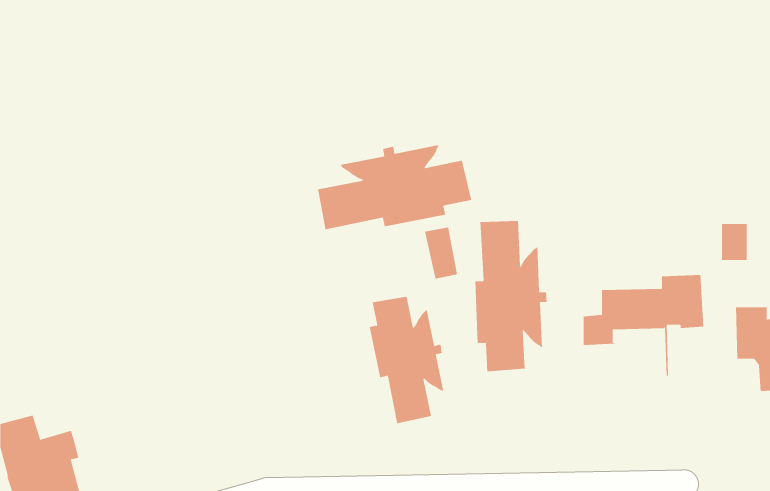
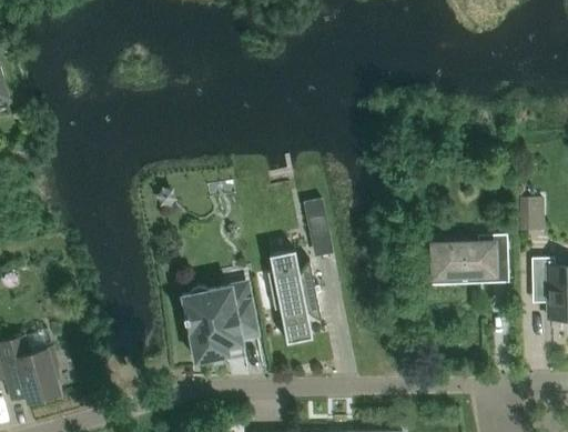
building: [317,144,472,230] -> none
building: [475,220,547,372] -> none
building: none -> [182,282,261,361]

